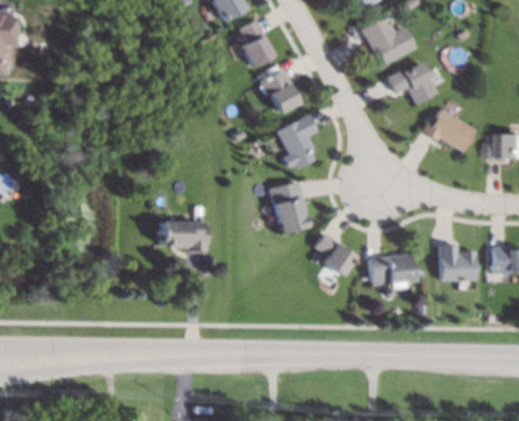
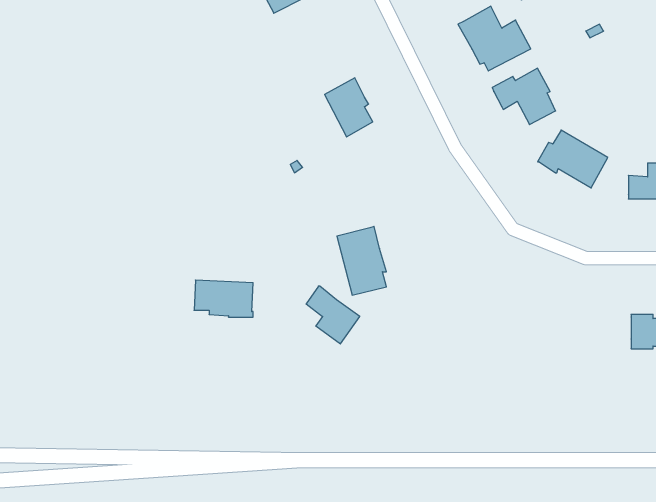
building: [241,21,276,66] -> none
building: [278,116,317,168] -> none
building: [315,233,356,276] -> [306,286,360,344]
building: [439,244,476,280] -> none
building: [369,252,414,285] -> none

